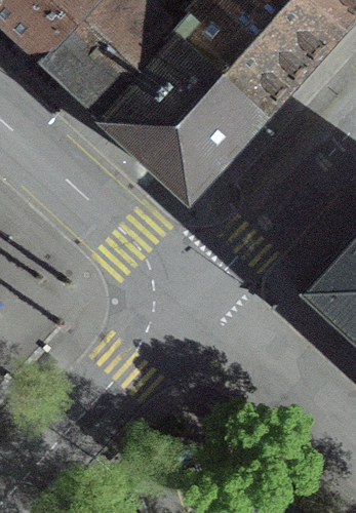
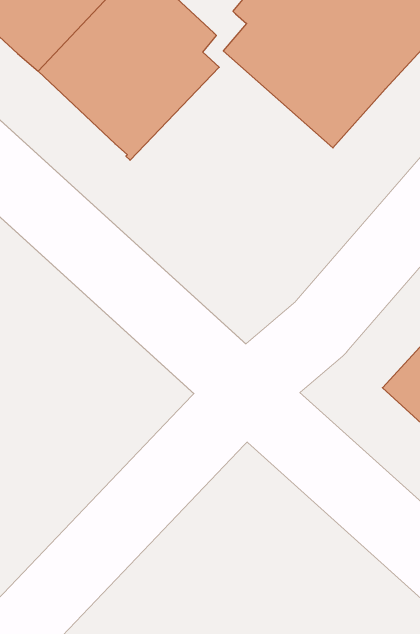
building: [115,18,267,200] -> none

